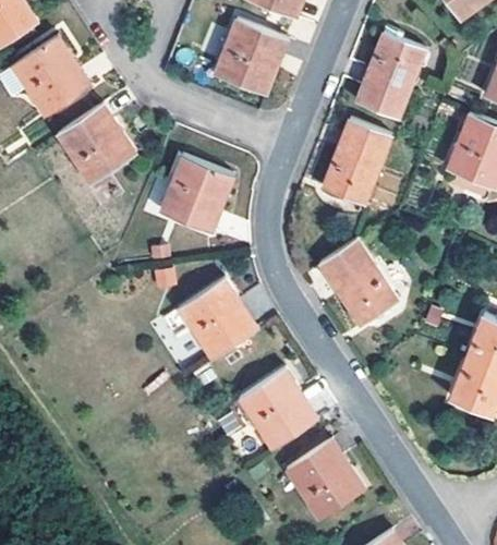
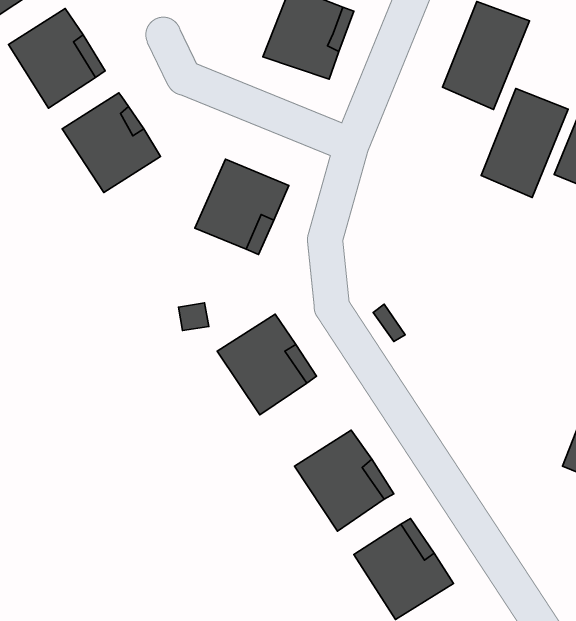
building: [322,118,390,204] -> [481,88,568,198]
building: [319,238,398,325] -> none

